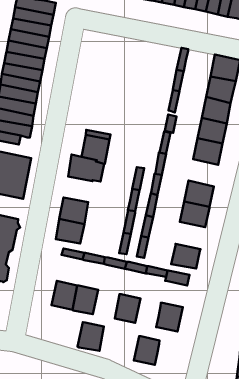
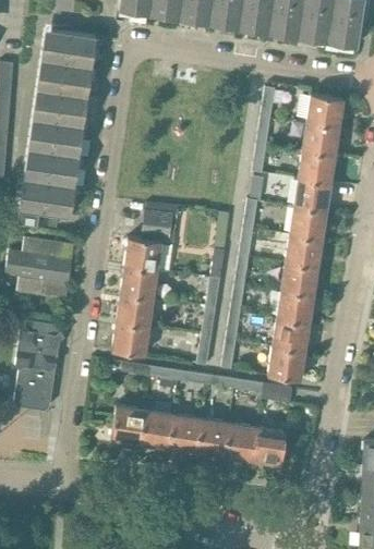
building: none -> [283,234,322,269]
building: none -> [119,266,156,298]
building: none -> [270,318,309,353]
building: [77,322,104,351] -> [166,414,200,451]
building: [134,336,159,365] -> [222,423,255,460]

